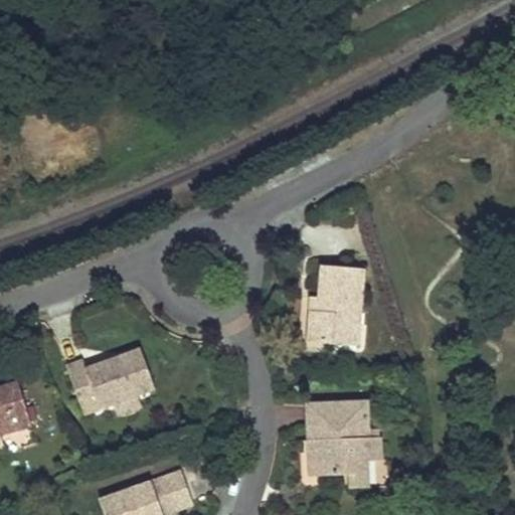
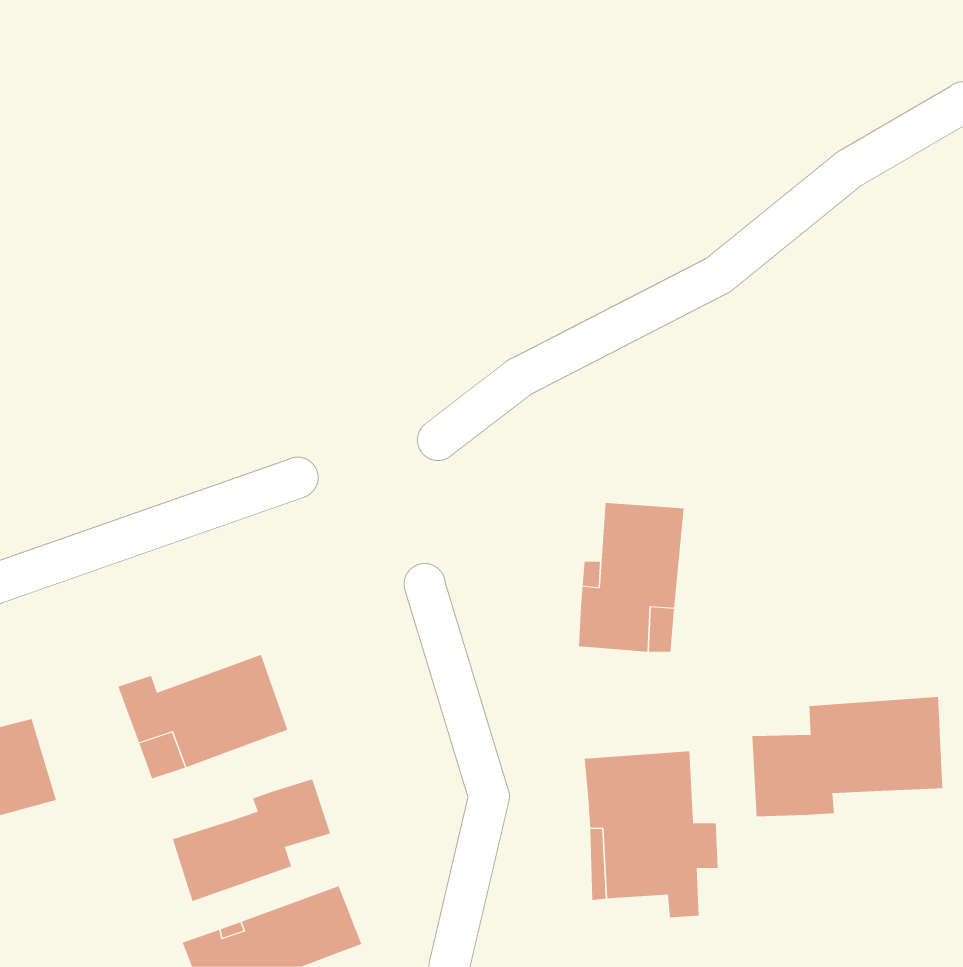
building: none -> [752,696,943,817]
building: none -> [172,779,331,902]

